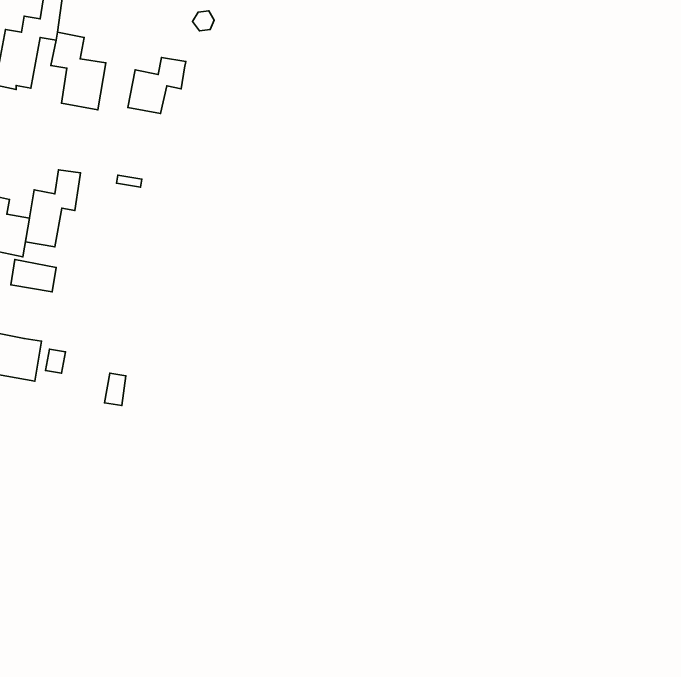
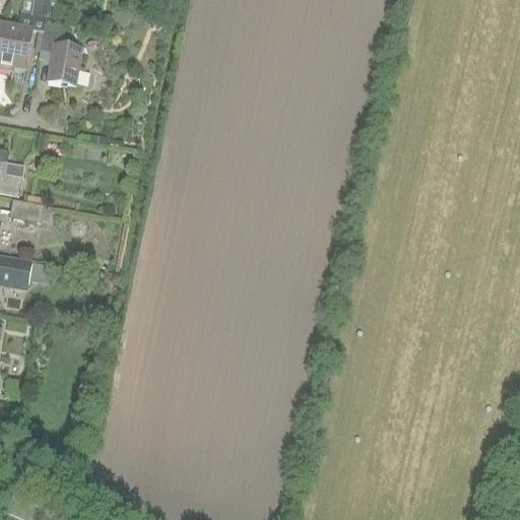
building: [128,57,186,114] -> none
building: [25,170,81,247] -> none

